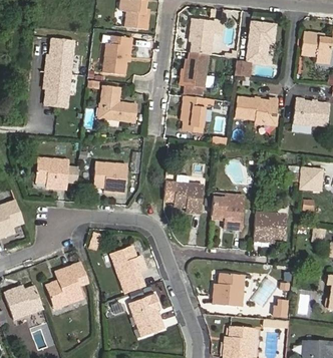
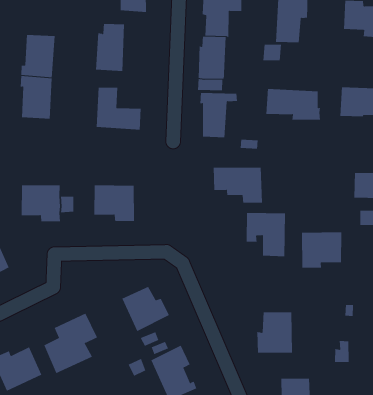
building: [163,182,203,213] -> [213,167,263,203]

